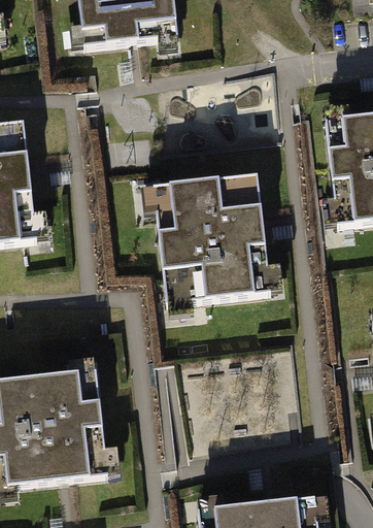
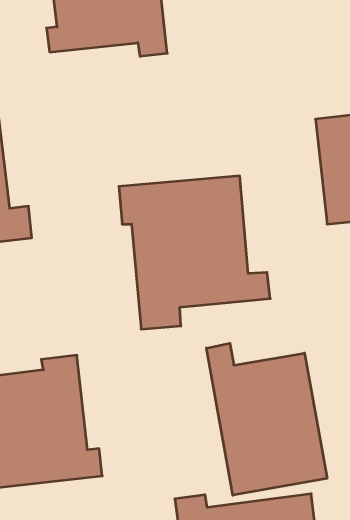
building: none -> [206,343,327,495]

